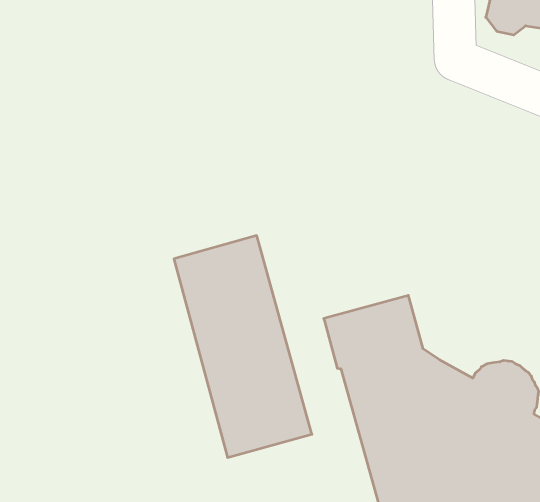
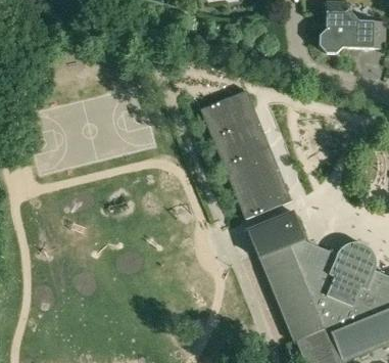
building: [174,236,312,457] -> [200,89,292,219]

